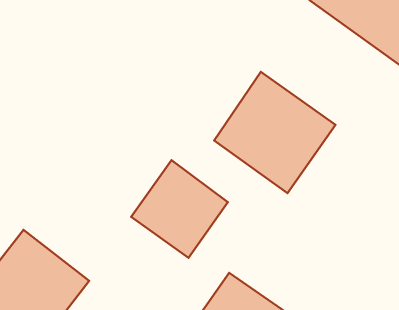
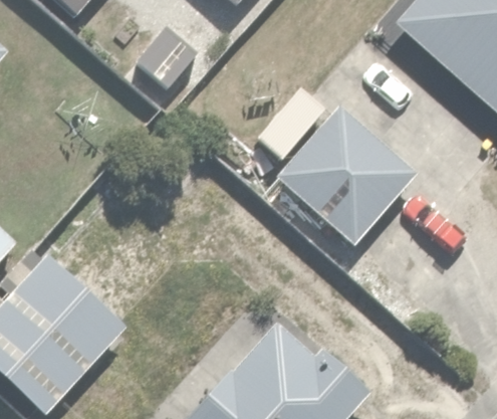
building: [131,160,228,258] -> none

